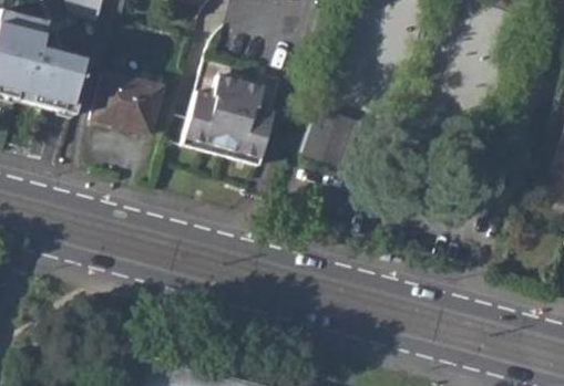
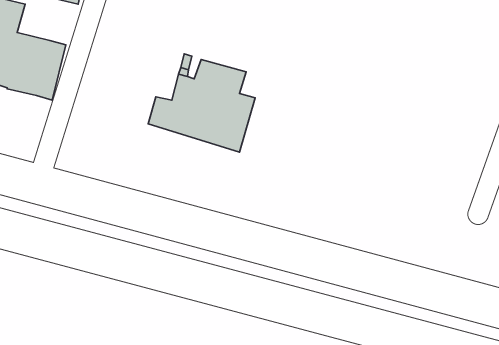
building: [93,70,165,133] -> none
building: [299,104,362,167] -> none

